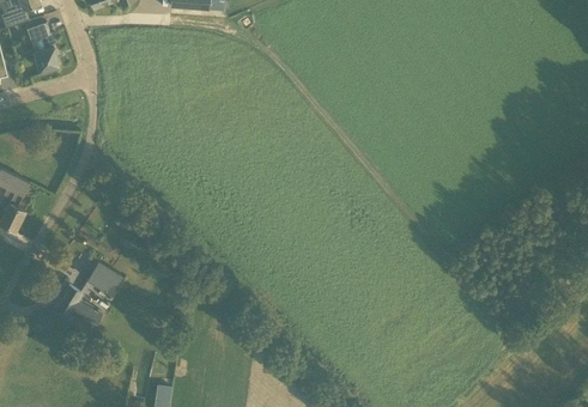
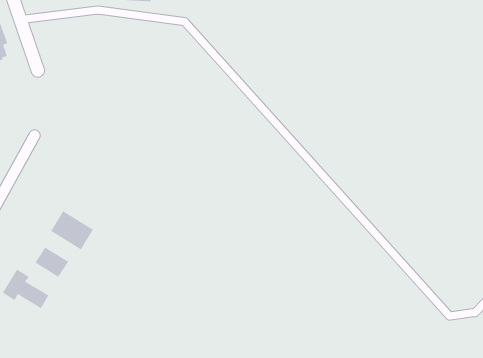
building: none -> [50,210,94,250]

